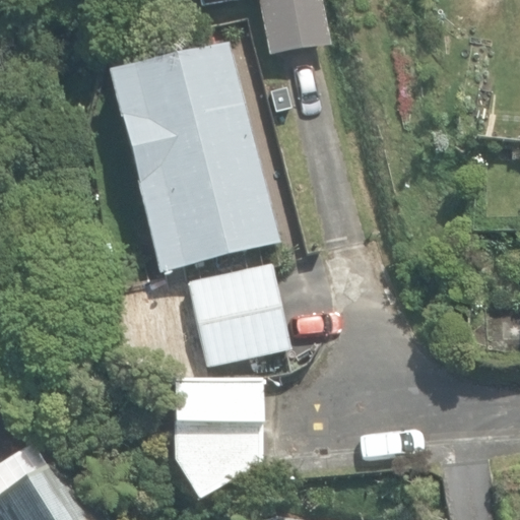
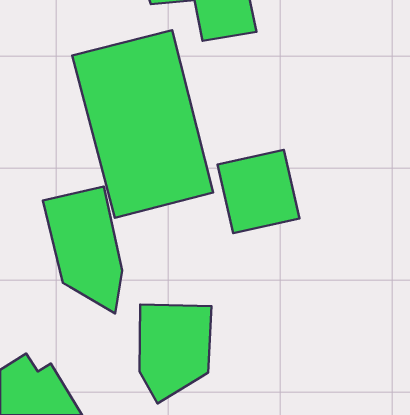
building: none -> [43,187,122,314]
building: [198,263,300,367] -> [217,150,299,233]

